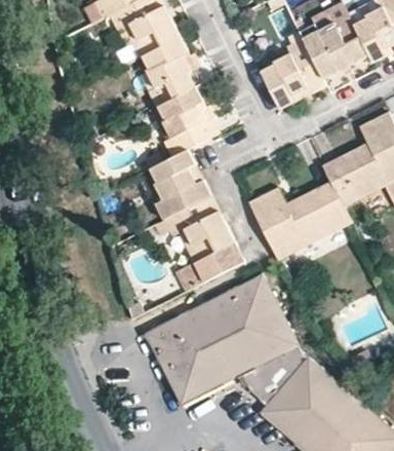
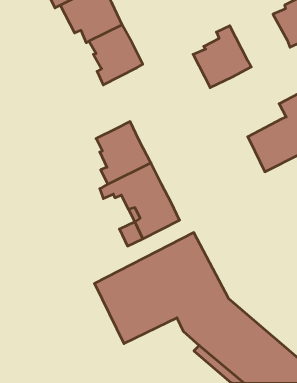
building: [299,15,367,78] -> none
building: [157,86,218,156] -> none
building: [248,182,351,260] -> none

